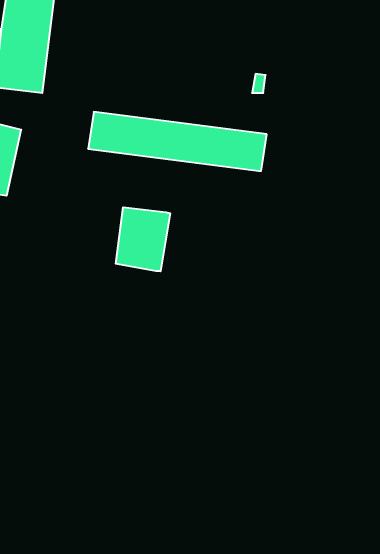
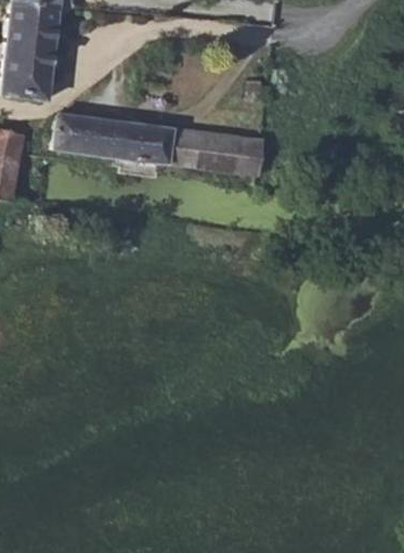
building: none -> [52,114,97,154]
building: [116,207,170,271] -> none

